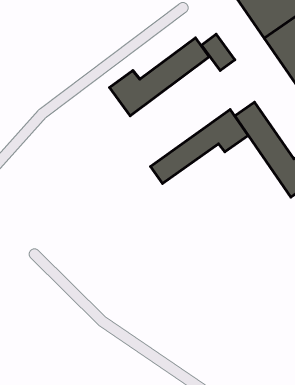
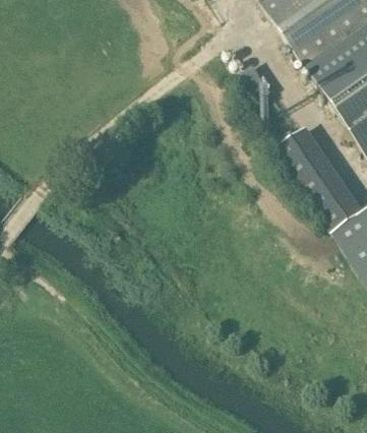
building: [109,38,209,116] -> none
building: [151,110,248,184] -> none

